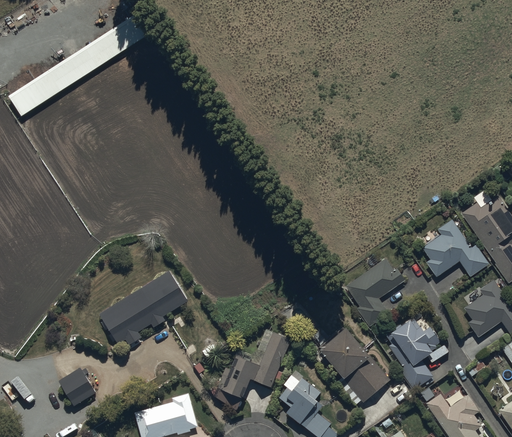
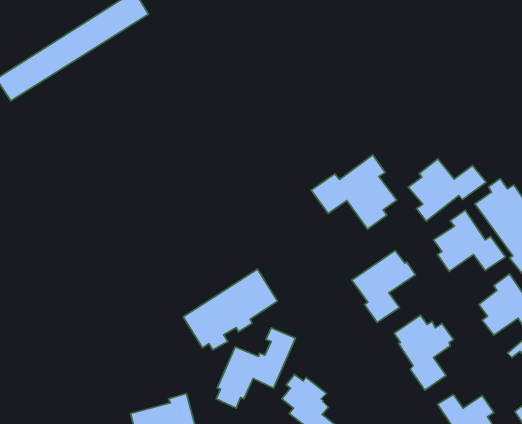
building: none -> [311,155,397,229]
building: none -> [408,159,486,221]
building: [100,269,189,345] -> [183,269,278,350]
building: [318,324,389,405] -> none
building: [59,367,97,405] -> none

